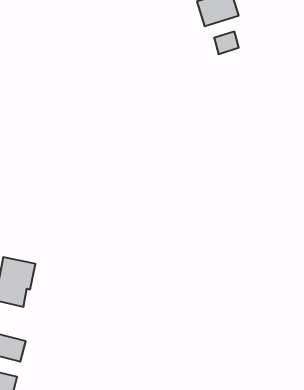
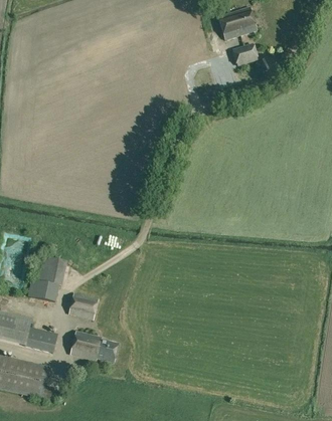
building: none -> [68,292,99,320]
building: none -> [70,331,119,363]

